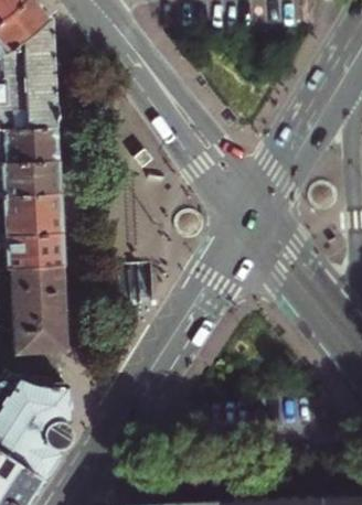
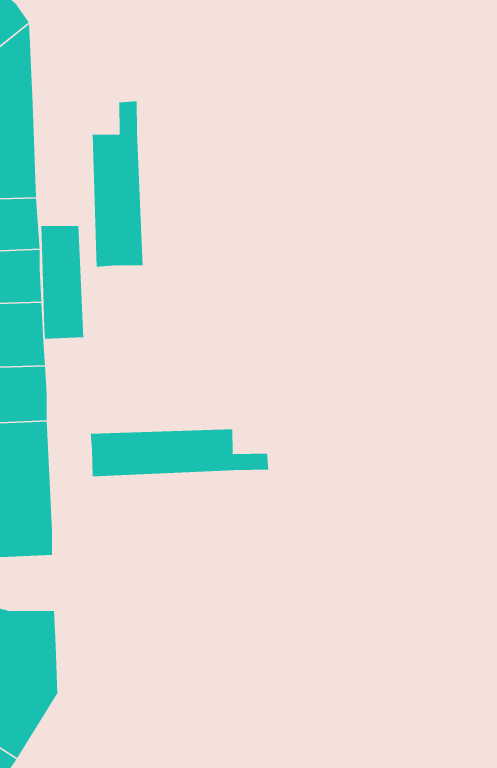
building: none -> [92,100,144,268]
building: none -> [40,225,84,339]
building: none -> [90,428,269,477]

